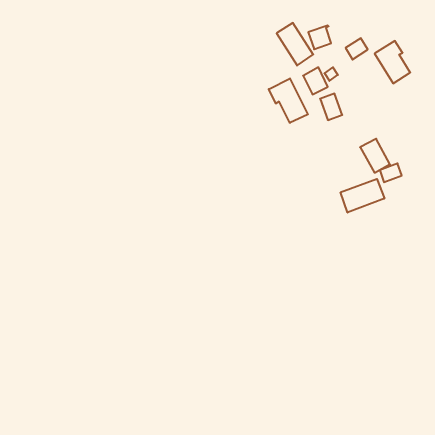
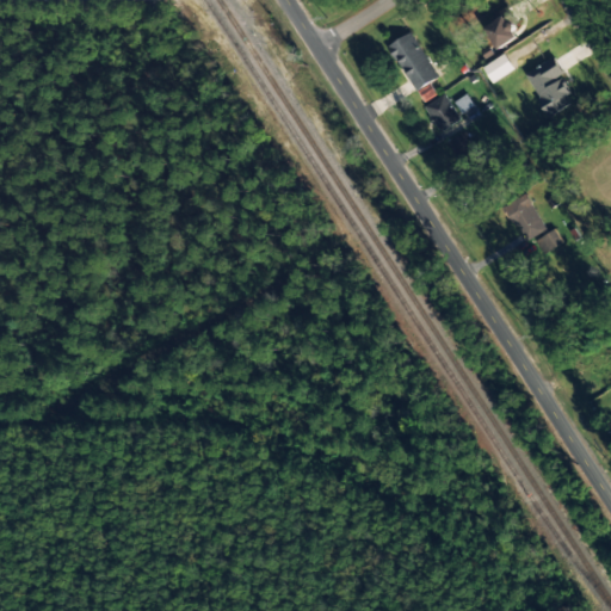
building: [308,25,331,49] -> [486,16,518,49]
building: [269,78,308,123] -> none
building: [341,179,384,213] -> none

